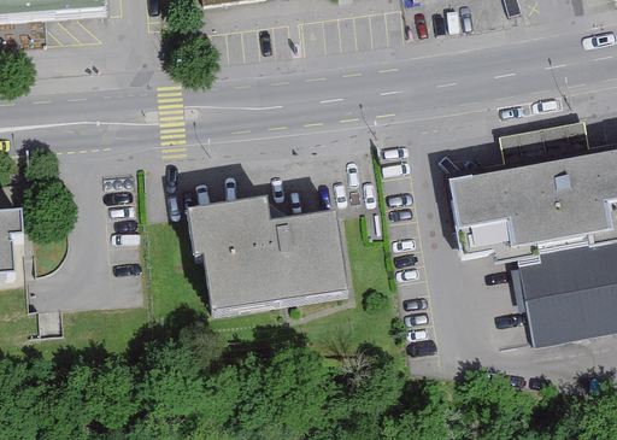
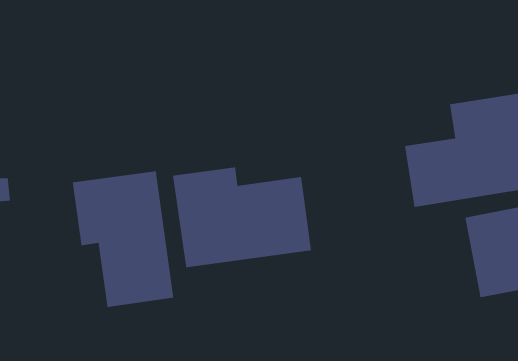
building: none -> [72,170,174,308]

